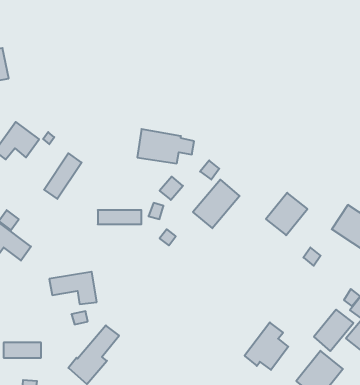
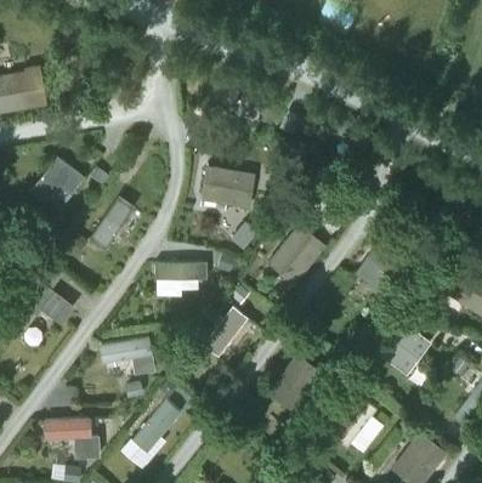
building: none -> [200,308,246,359]
building: none -> [268,354,323,413]
building: [314,310,353,351] -> [380,329,427,379]

